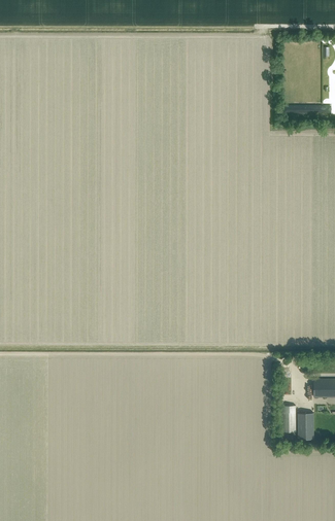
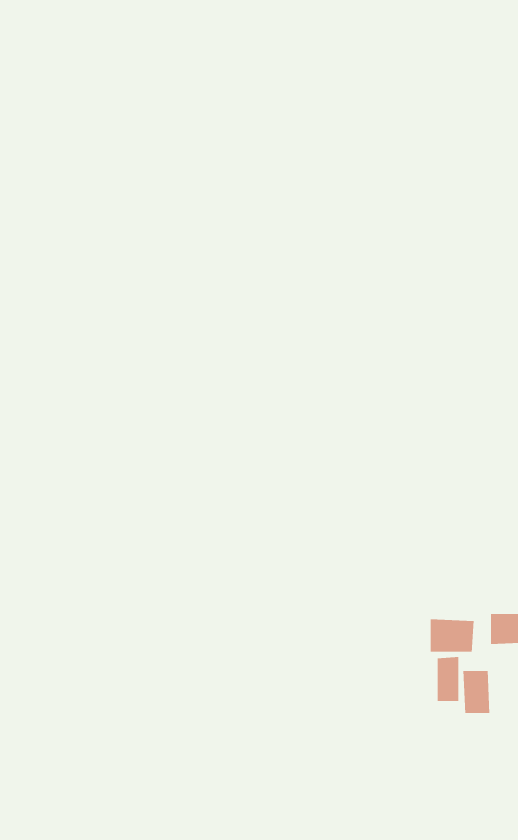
building: none -> [430,619,474,653]

